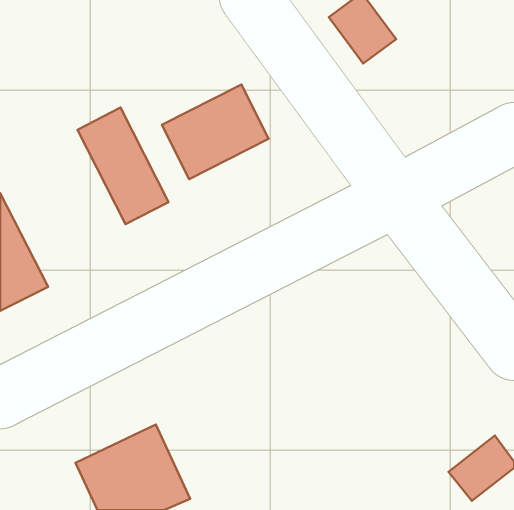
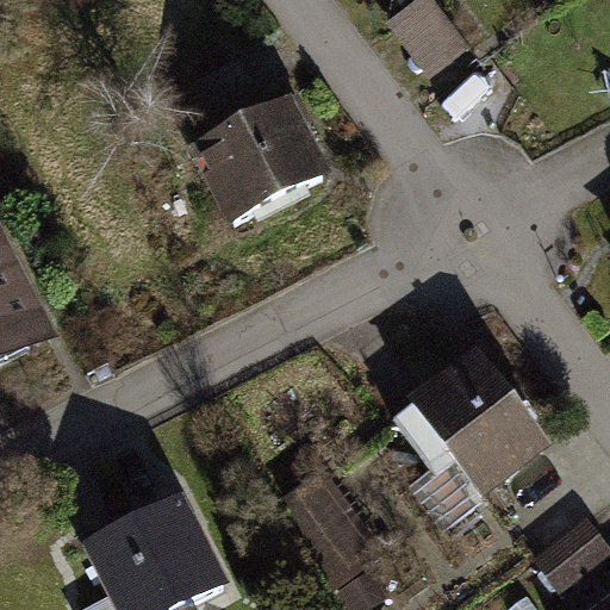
building: [78,108,169,224] -> none
building: none -> [409,359,540,497]

